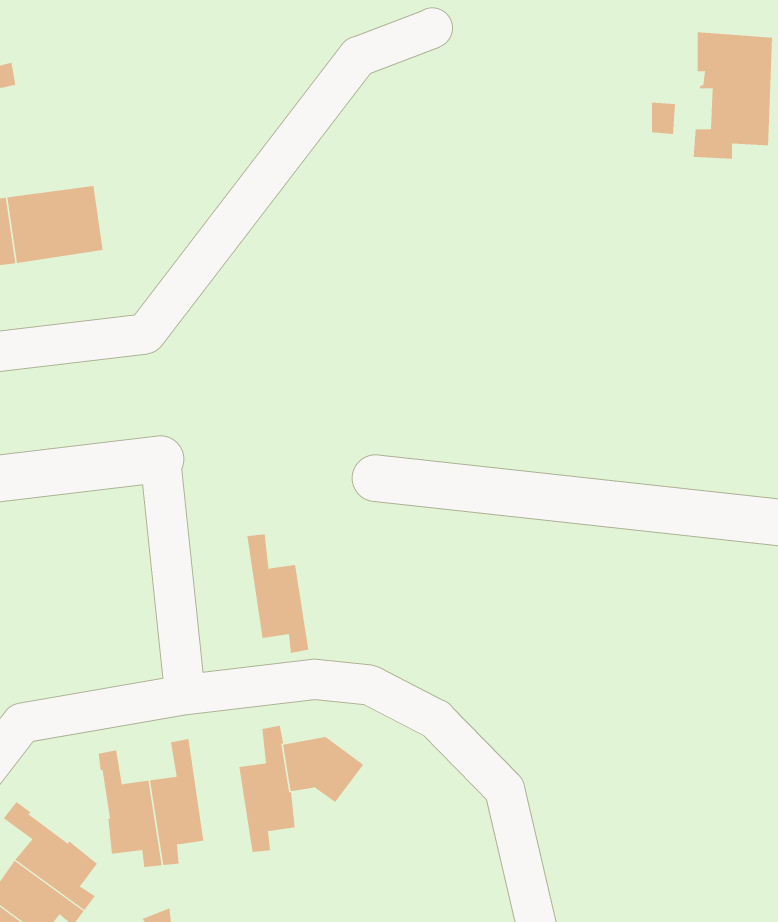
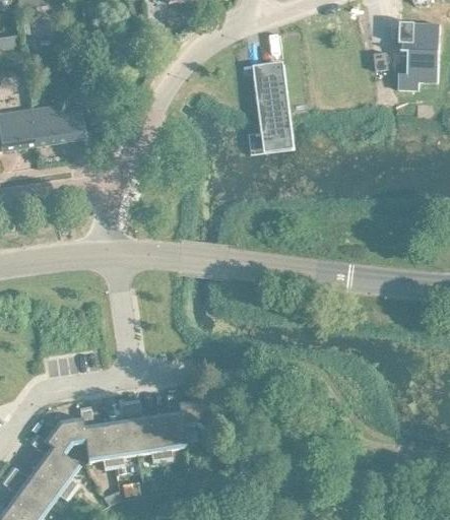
building: none -> [253,64,293,141]
building: [246,534,309,654] -> [128,399,162,463]
building: none -> [43,417,85,456]

